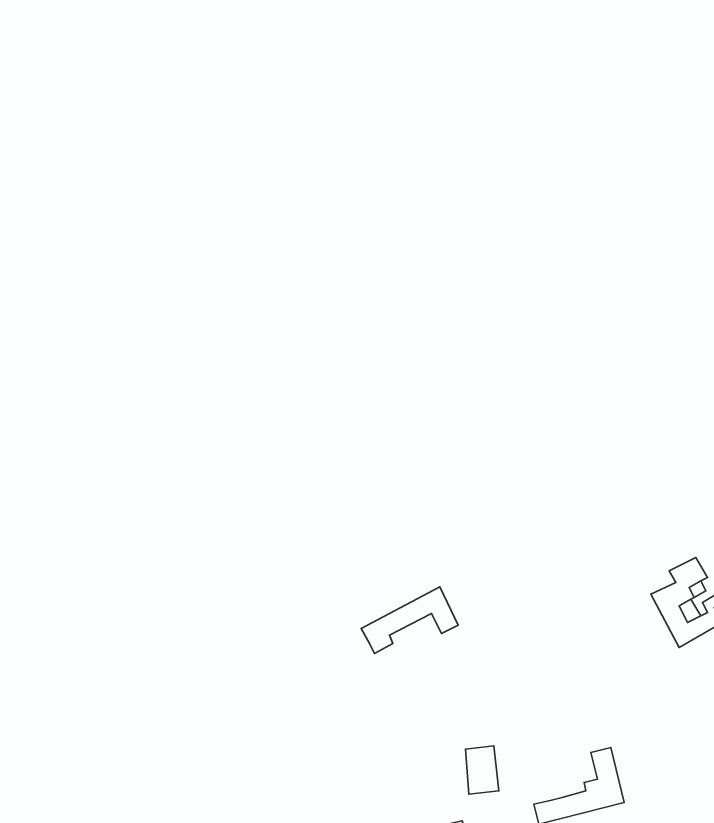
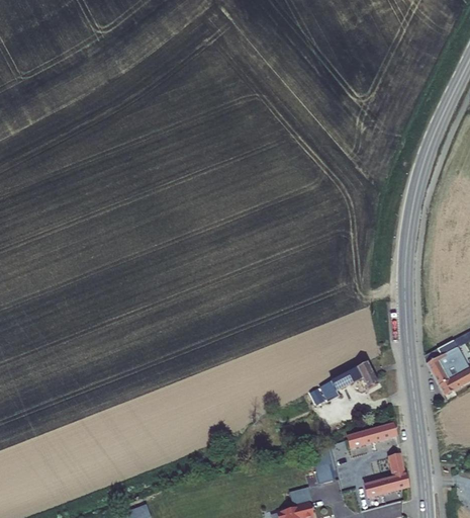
building: [361,587,458,653] -> [319,359,378,400]
building: none -> [347,425,398,457]

